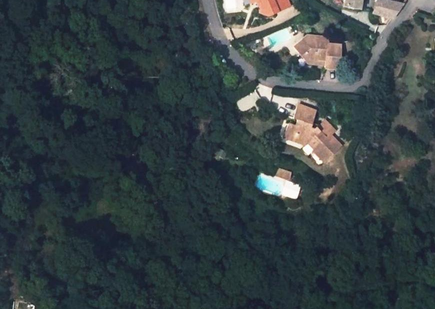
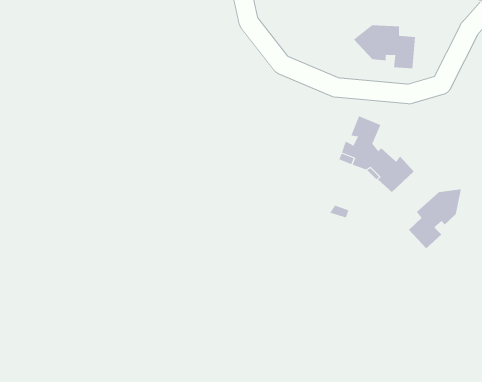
building: none -> [408,189,462,249]

